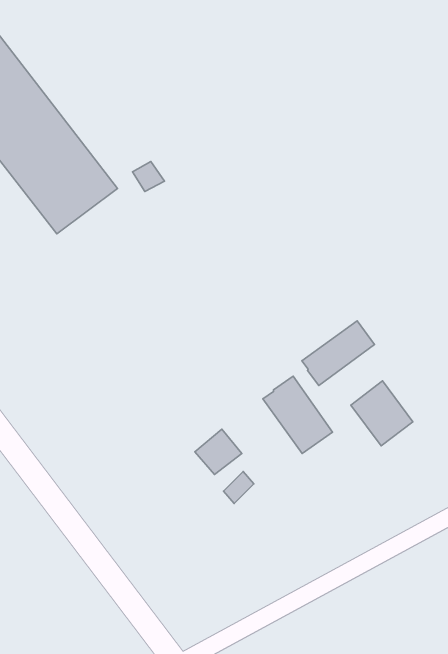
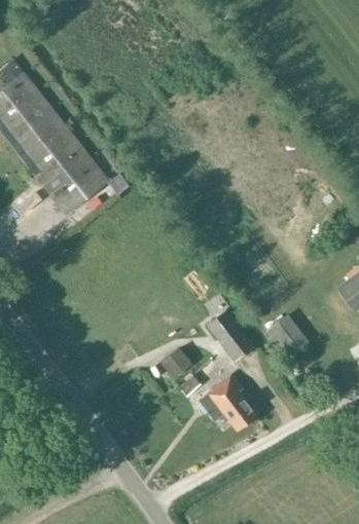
building: [302,321,375,386] -> none
building: none -> [200,374,258,429]

